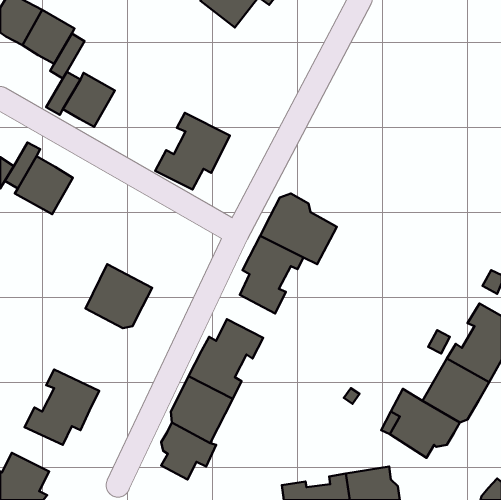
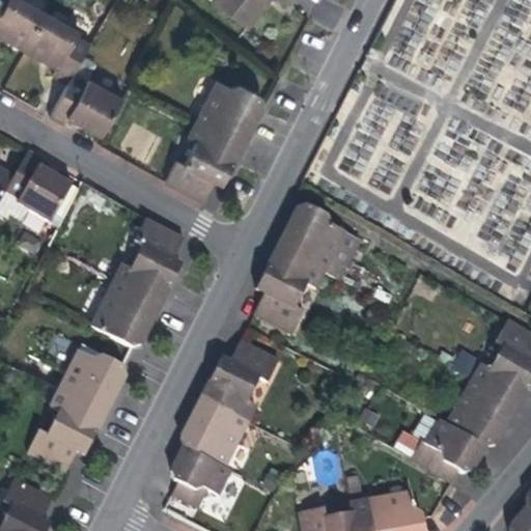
building: none -> [196,78,266,143]
building: none -> [114,217,187,304]
building: none -> [58,350,127,413]

